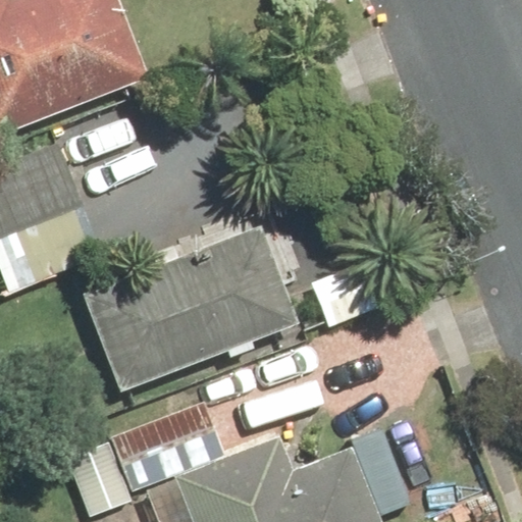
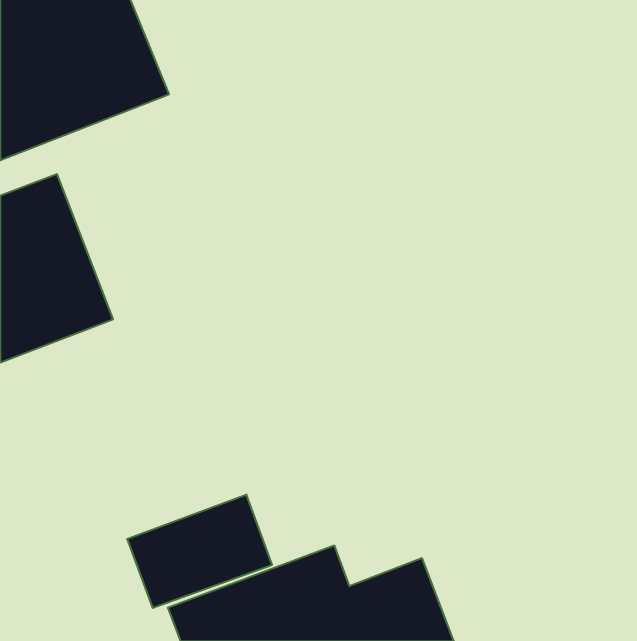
building: [71,240,280,400] -> none

